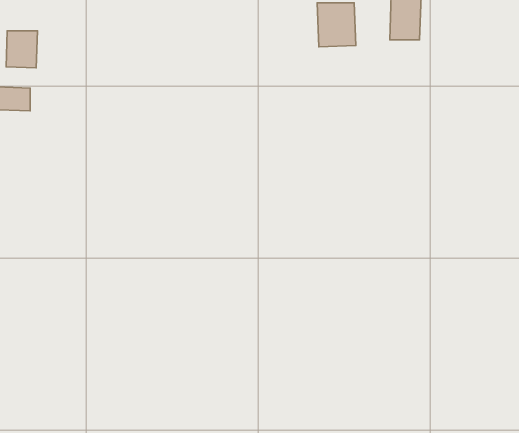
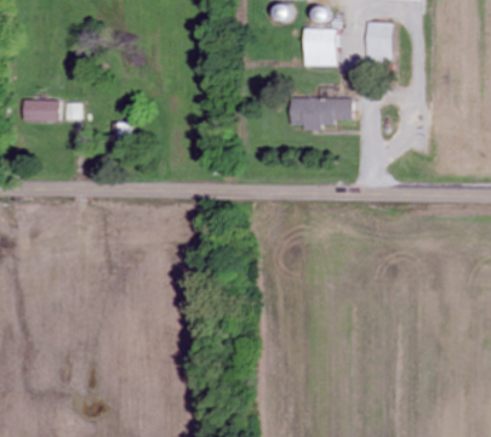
building: [6,31,38,68] -> none
building: none -> [290,97,350,125]

